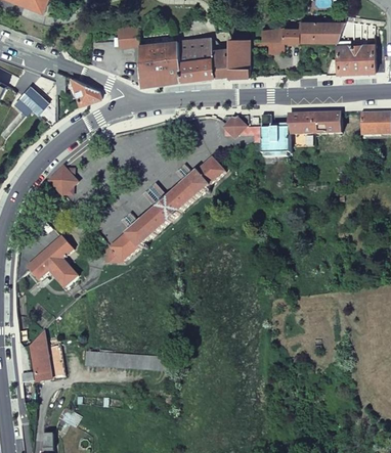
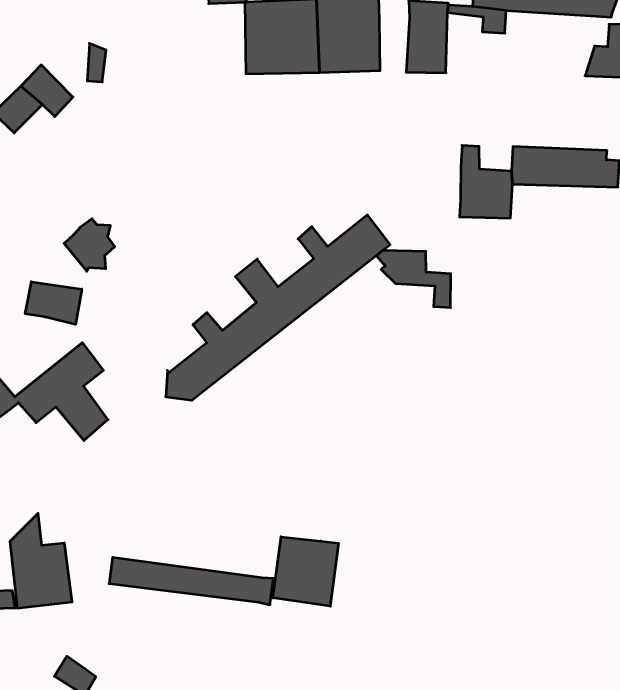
building: [212,48,228,78] -> none
building: [70,78,100,105] -> none
building: [220,116,262,145] -> [376,251,451,308]
building: none -> [25,282,82,324]
building: none -> [273,537,338,606]

